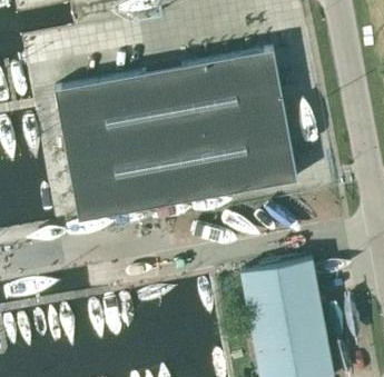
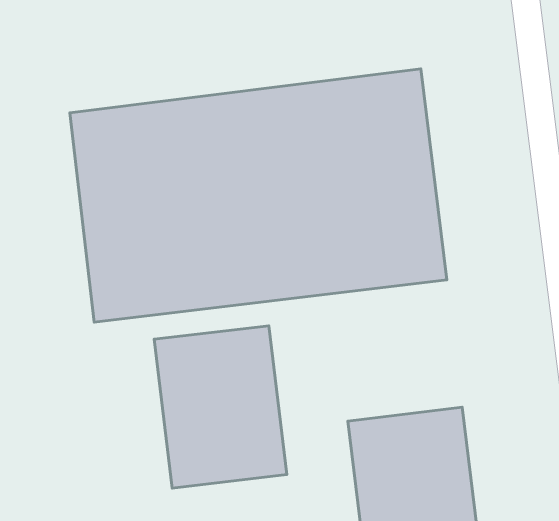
building: none -> [154,326,287,488]

